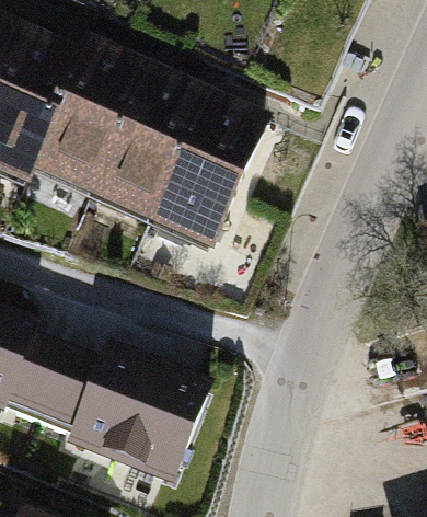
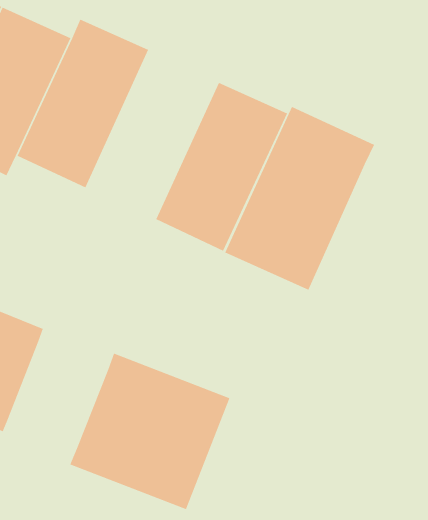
building: [88,71,209,227] -> none
building: none -> [224,106,375,291]
building: [16,338,107,436] -> none

